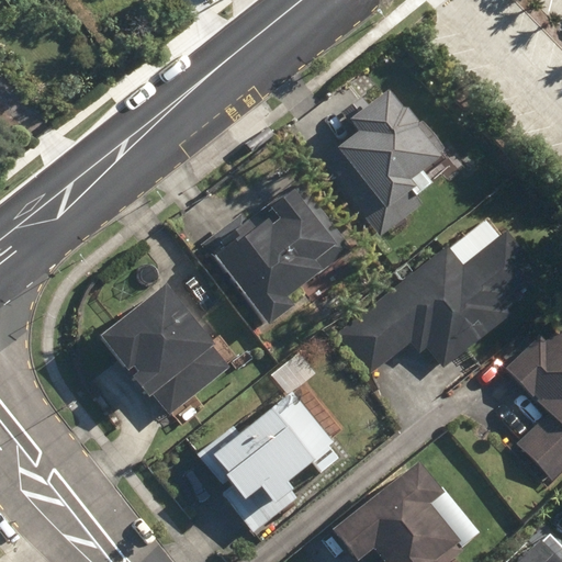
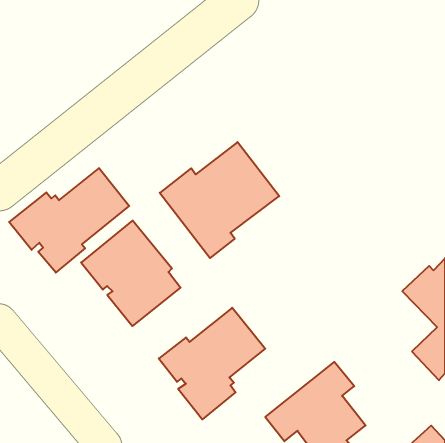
building: [321,88,441,237] -> none
building: none -> [9,168,129,273]
building: [339,233,540,374] -> none

